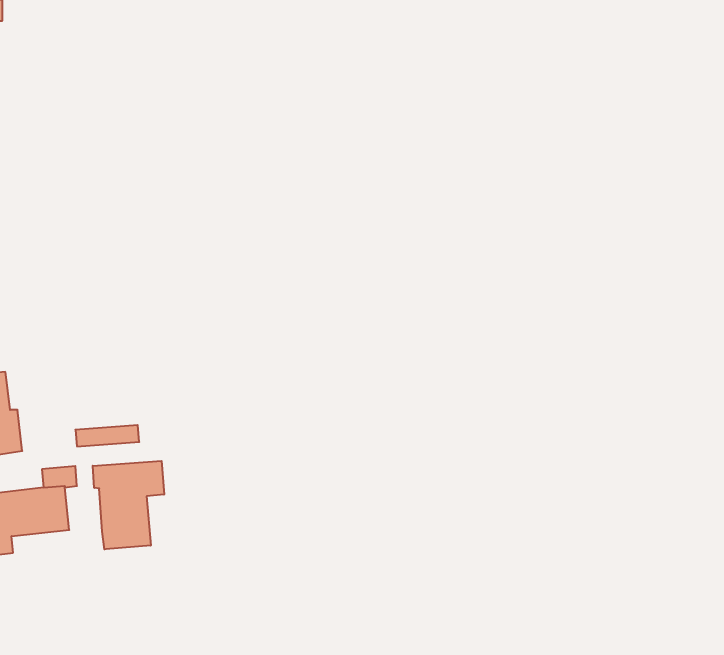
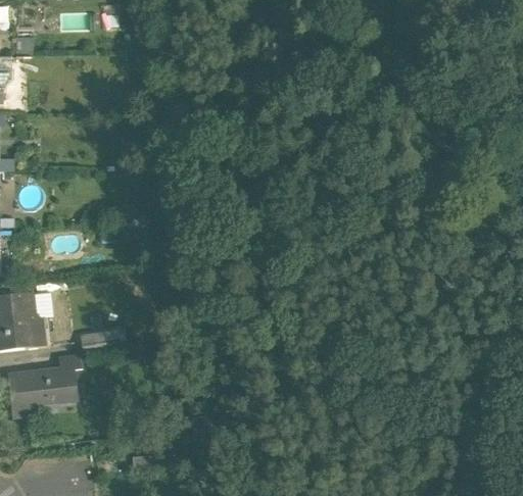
building: [93,461,164,549] -> none

